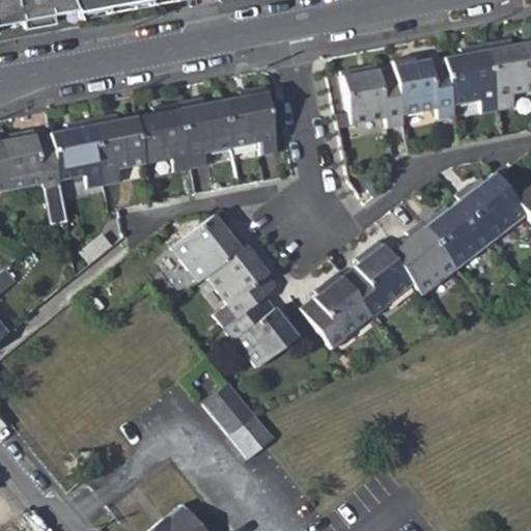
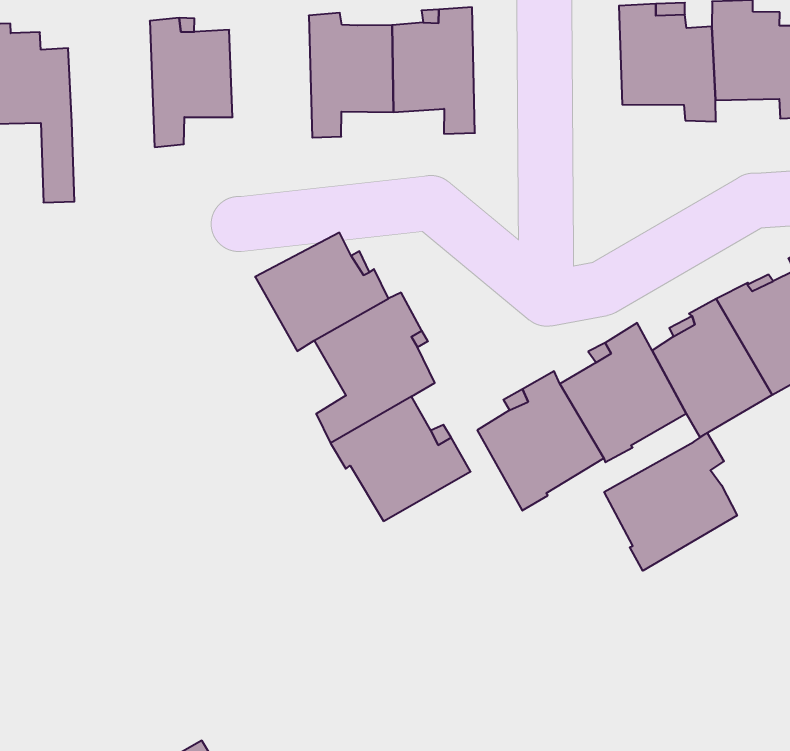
building: [135,104,189,172] -> none
building: [49,120,105,190] -> none
building: none -> [604,433,737,571]
building: [186,361,273,459] -> none

